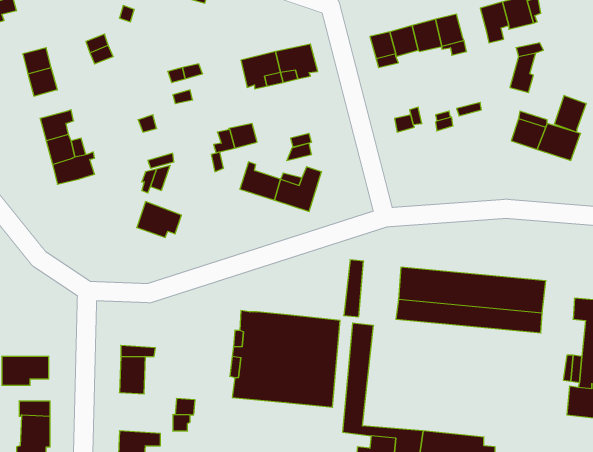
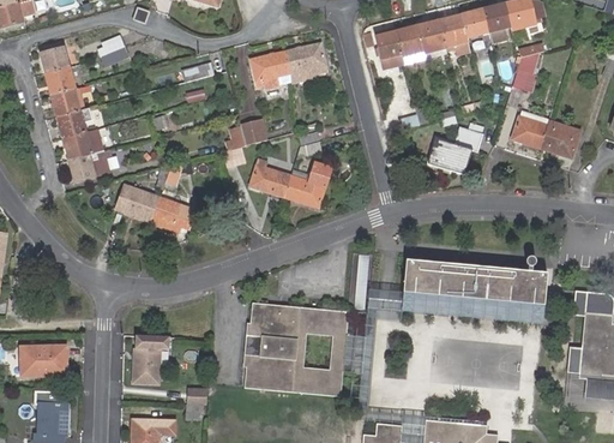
building: none -> [460,10,489,38]
building: none -> [52,89,84,116]
building: [555,95,586,132] -> none
building: none -> [431,124,482,172]
building: none -> [116,185,159,222]
building: none -> [368,288,404,311]

